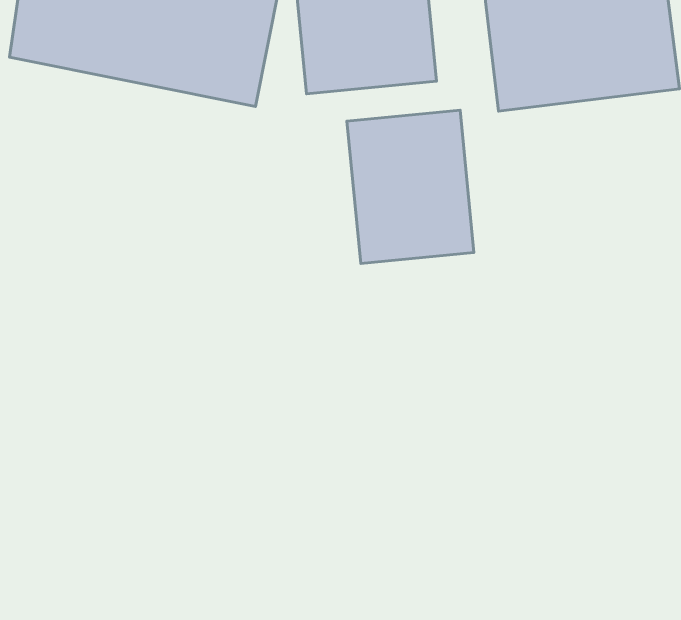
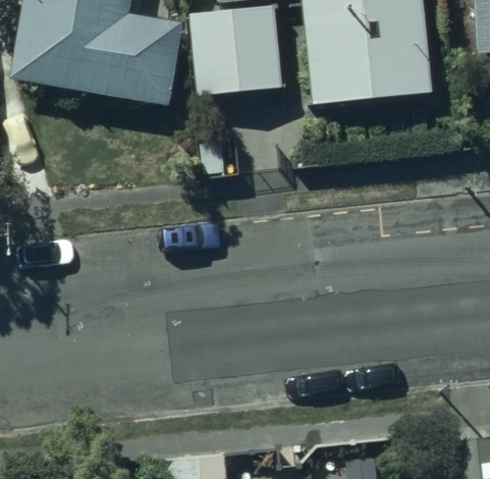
building: [347,110,474,263] -> none

